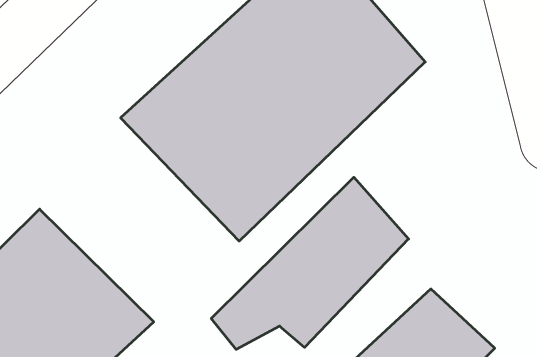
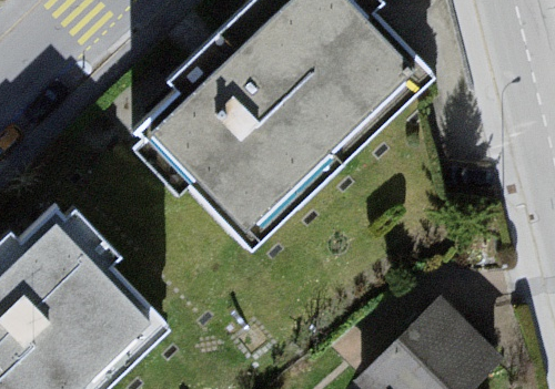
building: [211,177,409,349] -> none

